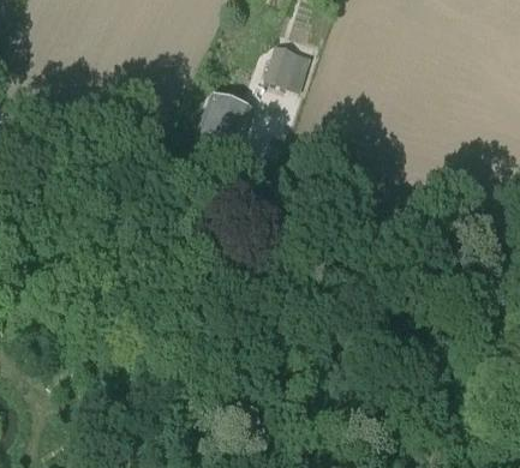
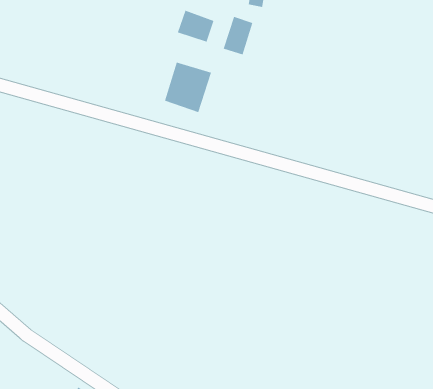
building: none -> [177,10,214,43]

